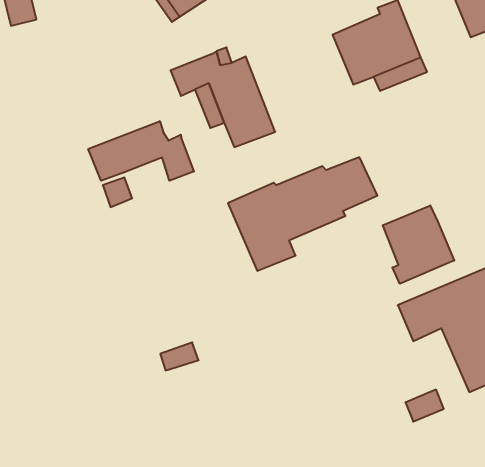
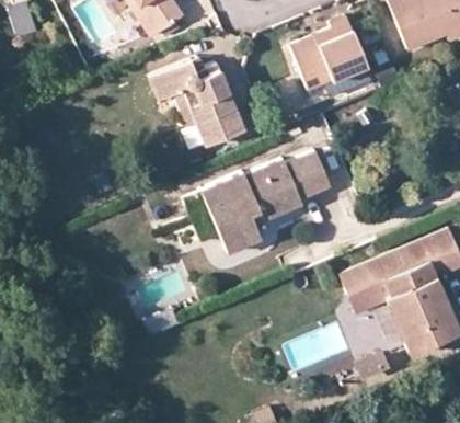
building: [88,121,194,181] -> none
building: [383,205,454,284] -> none

